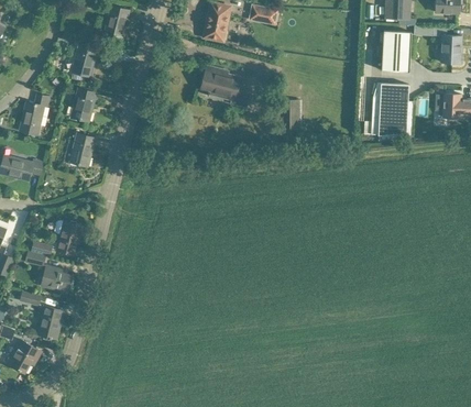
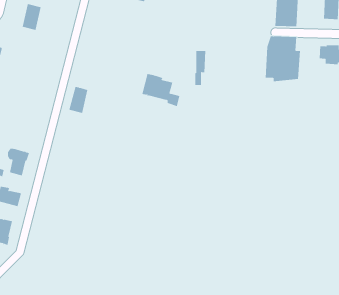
building: [201,66,249,107] -> [142,73,180,107]
building: [72,88,96,121] -> none
building: [70,133,95,166] -> [68,86,88,113]

